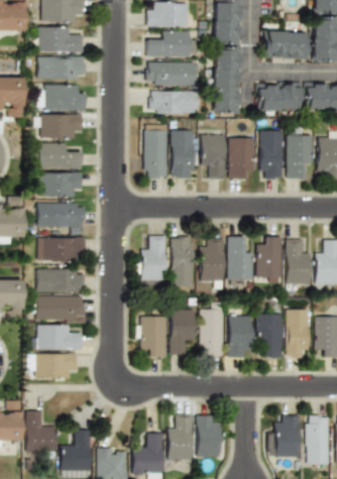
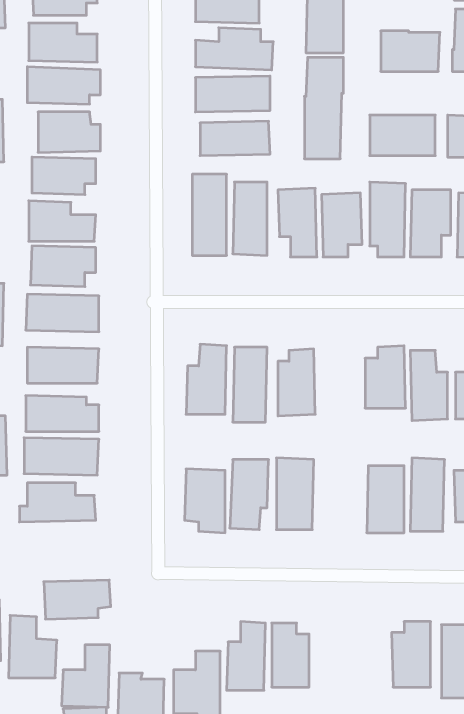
building: [228,236,254,280] -> none
building: [228,315,253,357] -> none
building: [35,353,79,378] -> [44,580,111,619]

